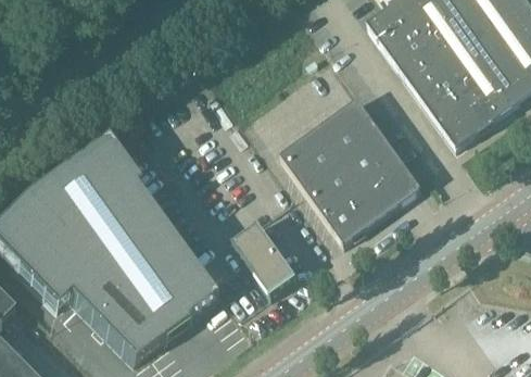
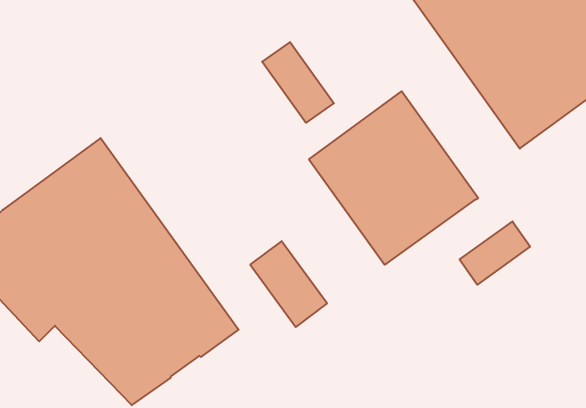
building: none -> [262,42,334,123]
building: none -> [460,221,530,285]

